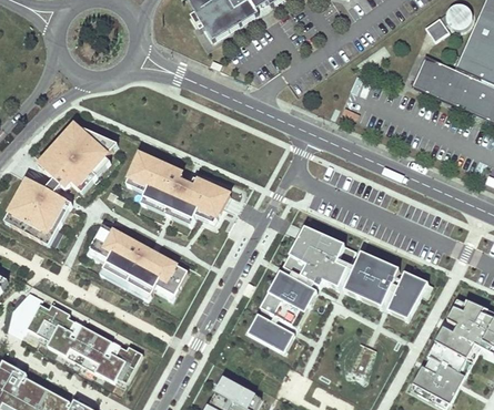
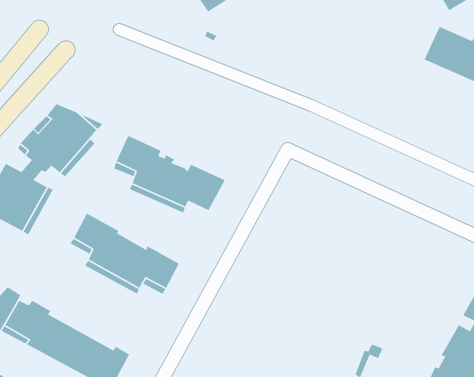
building: [283,227,356,288] -> none
building: [344,252,400,307] -> none
building: [260,271,317,328] -> none
building: [387,271,429,319] -> none
building: [248,314,294,352] -> none

